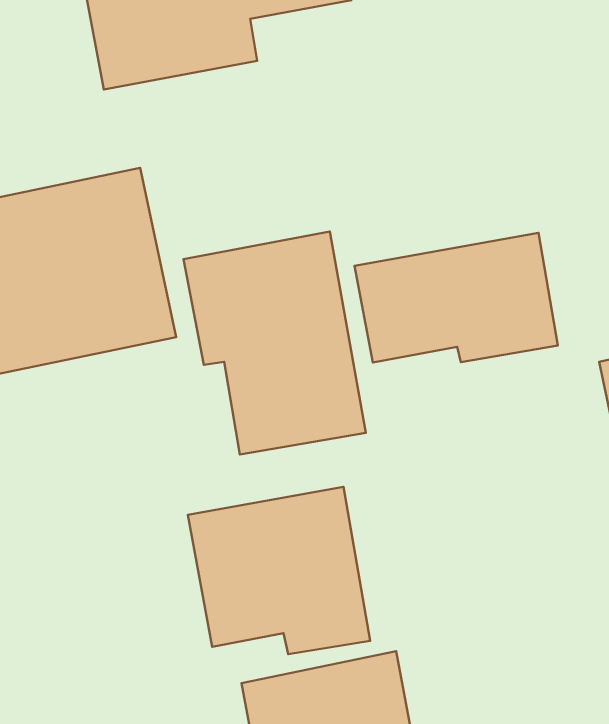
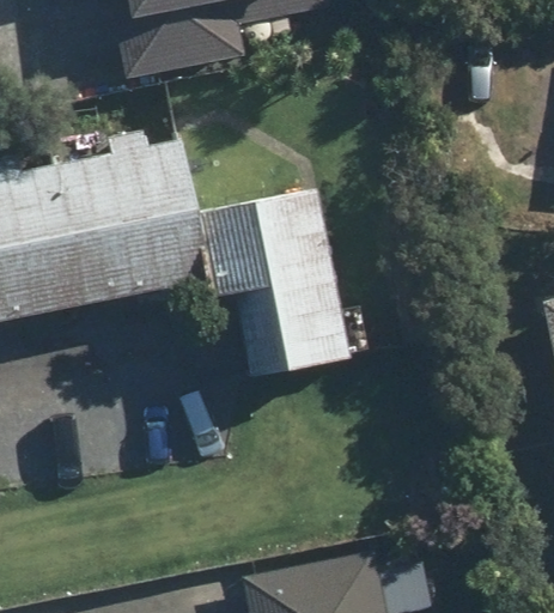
building: [354,233,558,362] -> none
building: [188,487,370,654] -> none

